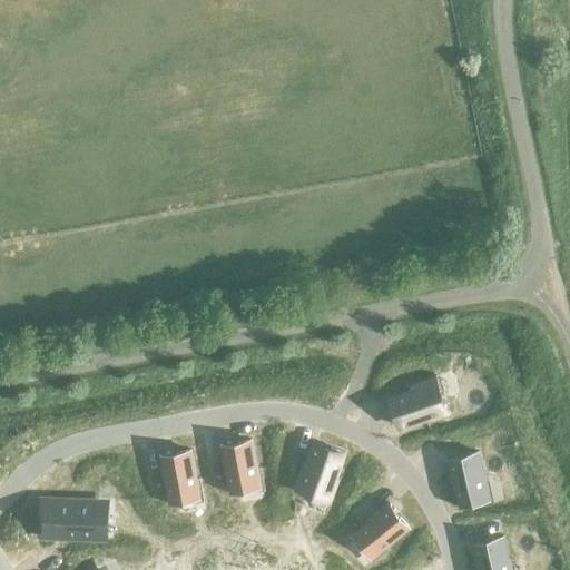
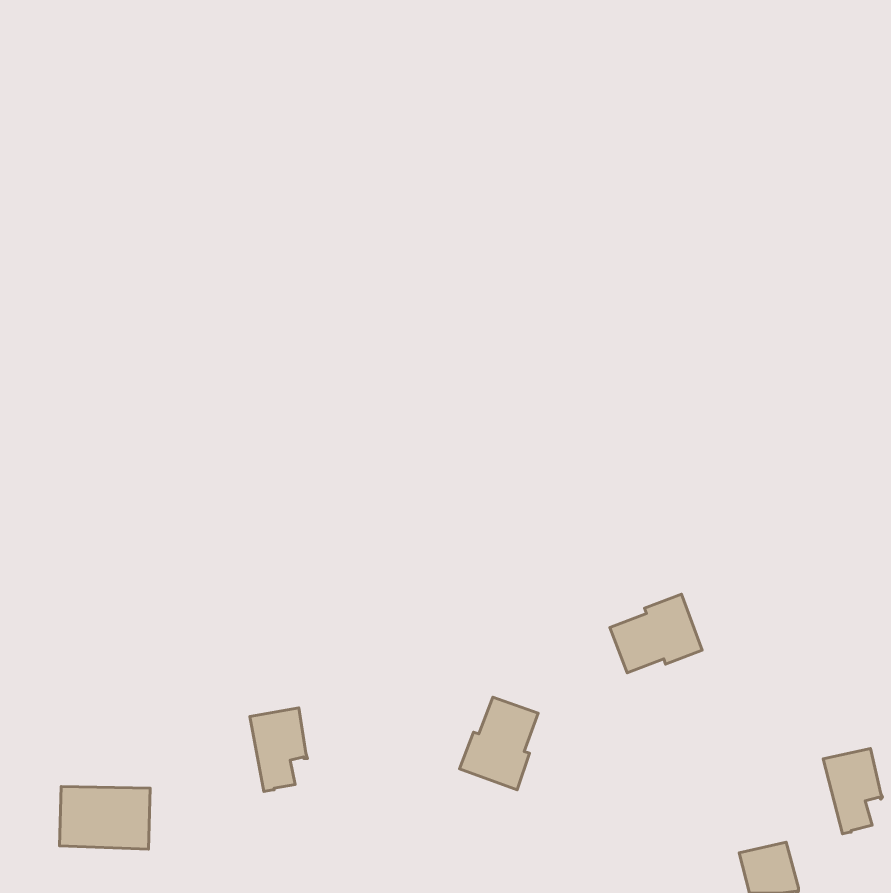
building: [220,441,257,494] -> none
building: [448,452,485,507] -> [823,748,883,834]
building: [353,504,410,551] -> none

